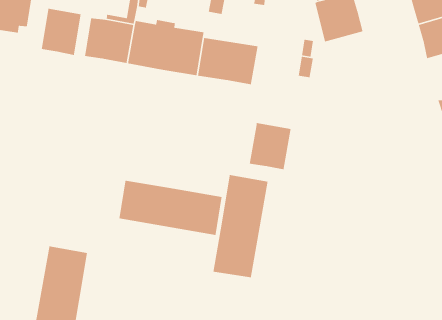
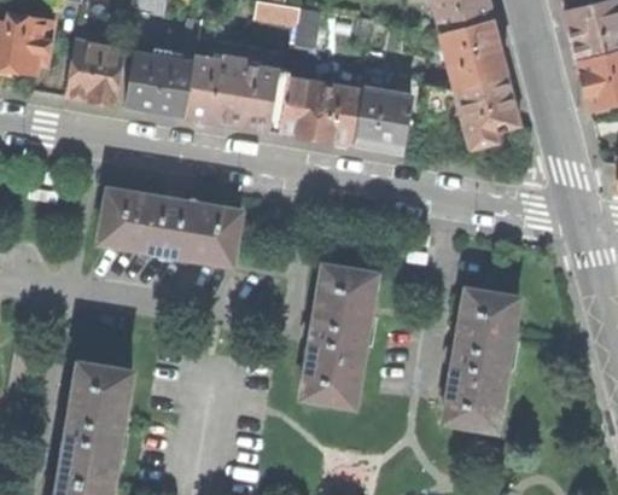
building: none -> [453,71,519,147]
building: [249,122,291,170] -> [354,87,412,152]
building: [118,180,222,236] -> [99,188,240,264]
building: none -> [443,289,519,430]

